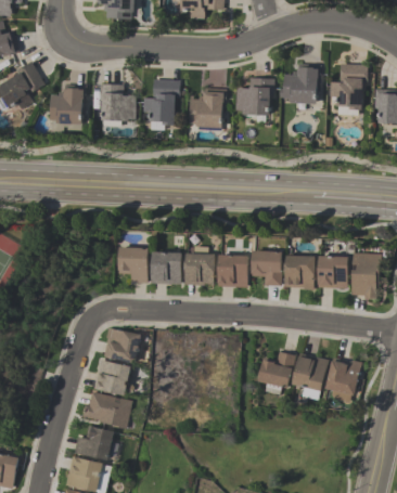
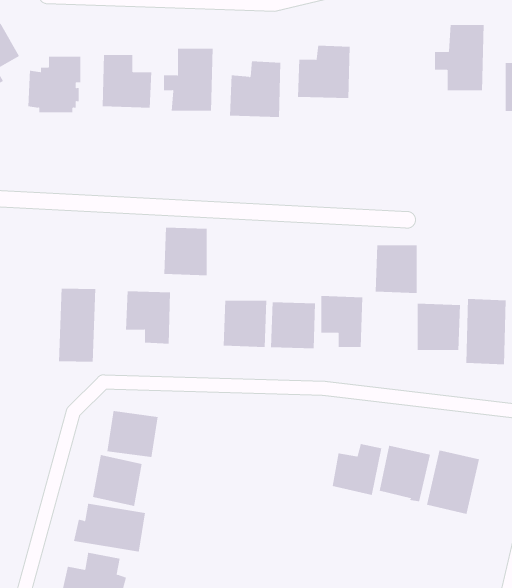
building: [283,63,319,102] -> none
building: none -> [59,288,96,362]
building: [151,250,181,284] -> [163,227,208,276]
building: [284,255,313,288] -> [375,245,417,294]

